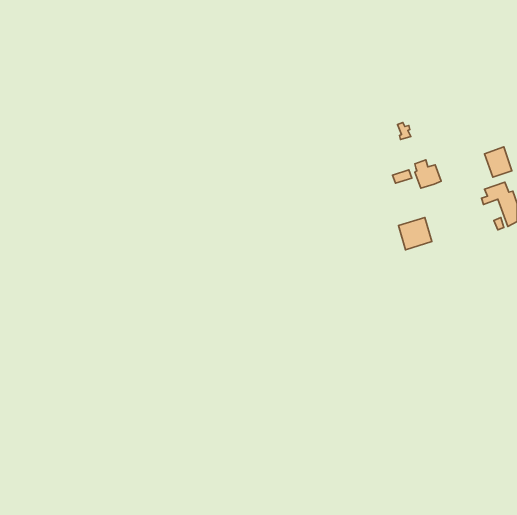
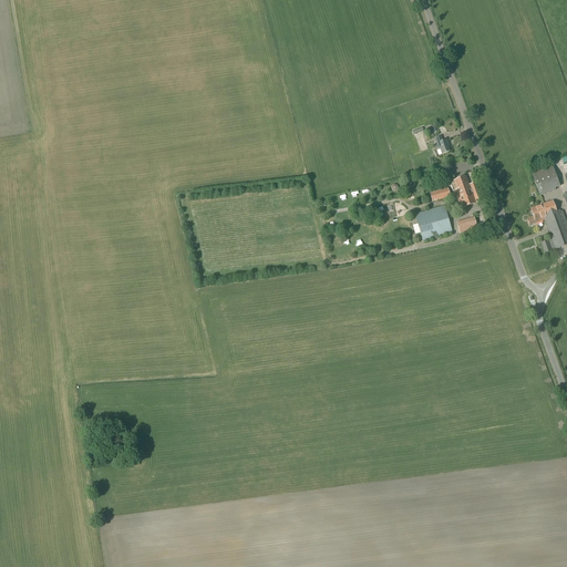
building: [398,217,432,250] -> [415,204,452,239]

